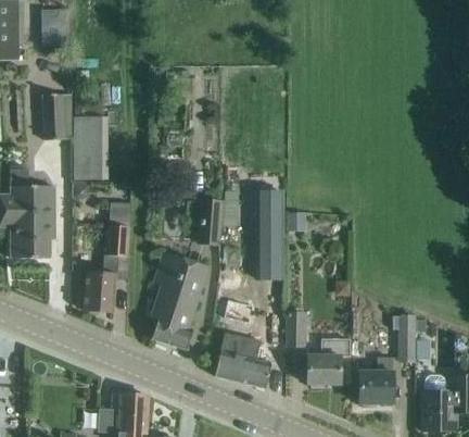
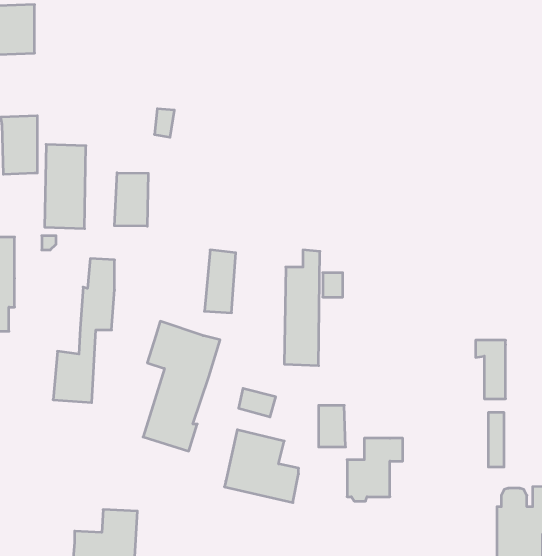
building: none -> [114,173,148,226]
building: [392,316,415,361] -> [476,340,506,399]
building: [358,358,392,403] -> none

